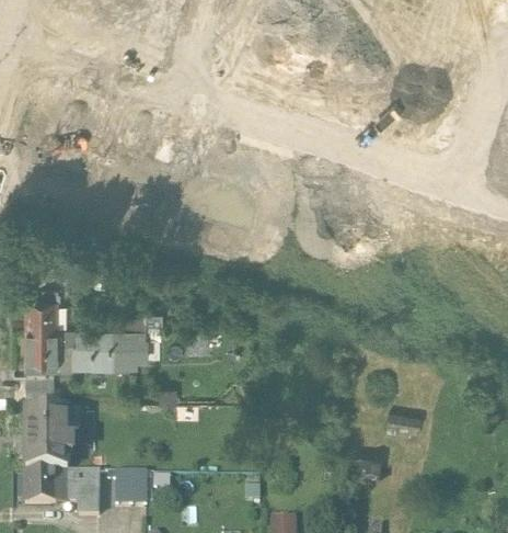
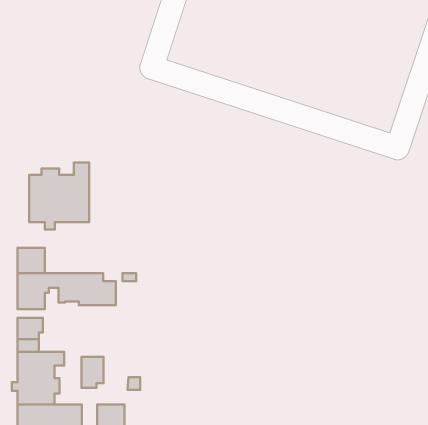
building: none -> [29,162,89,230]
building: none -> [82,357,103,388]

